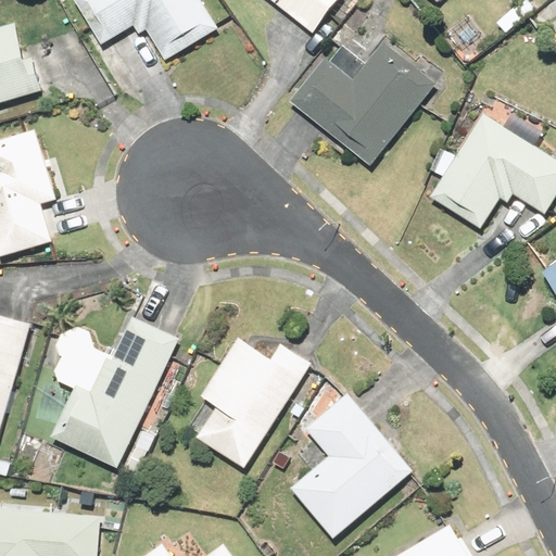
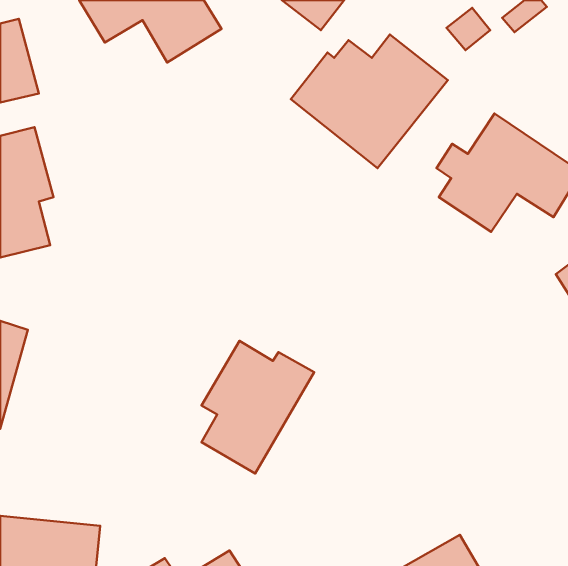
building: [50,317,176,468] -> none
building: [292,392,410,534] -> none

